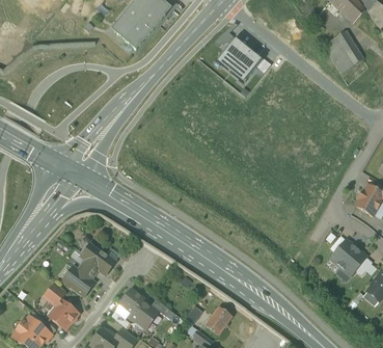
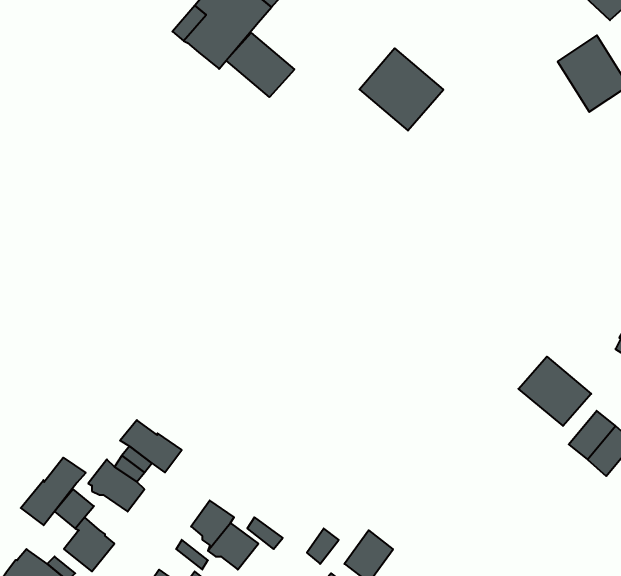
building: none -> [226,33,294,97]
building: none -> [518,357,591,426]
building: none -> [21,458,86,525]

